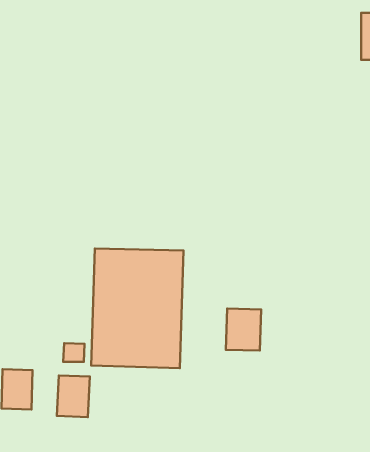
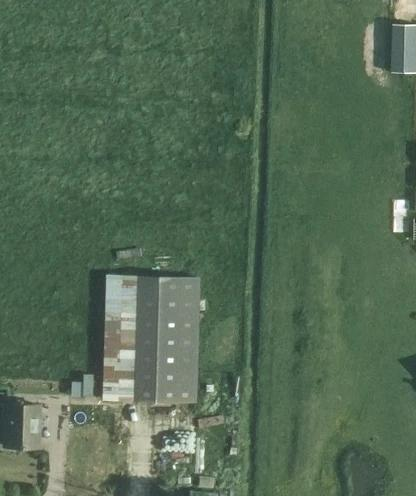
building: [226,309,261,351] -> none
building: [57,375,90,417] -> none

